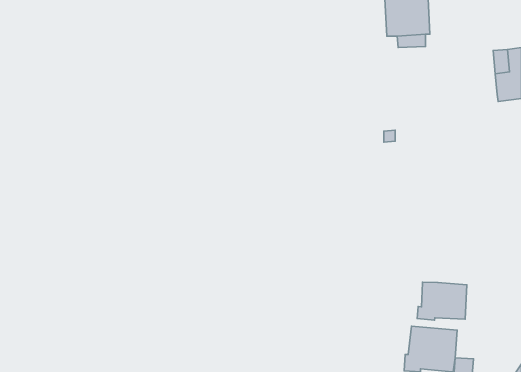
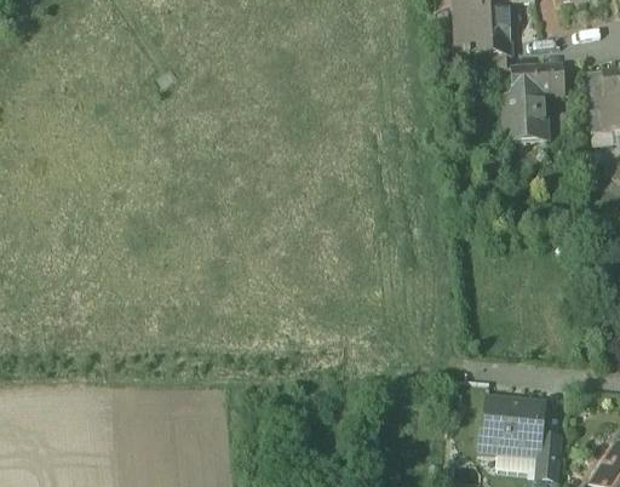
building: none -> [504,62,564,136]
building: [417,282,467,320] -> none

